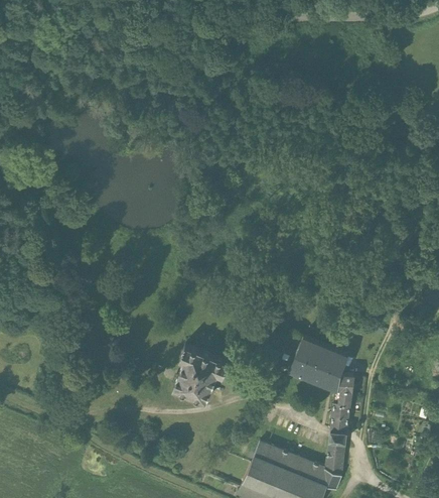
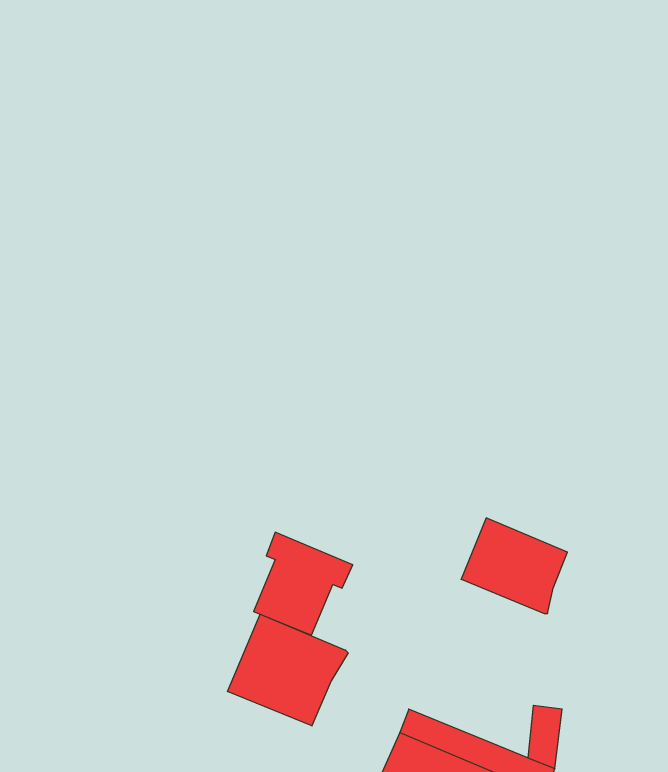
building: [329,377,353,445] -> none
building: none -> [228,614,348,726]

